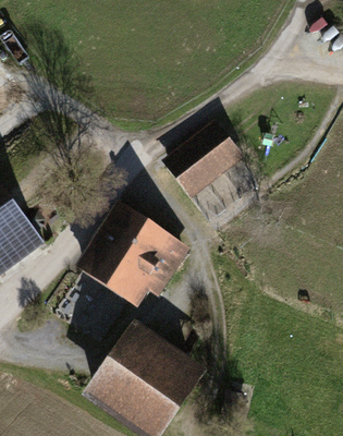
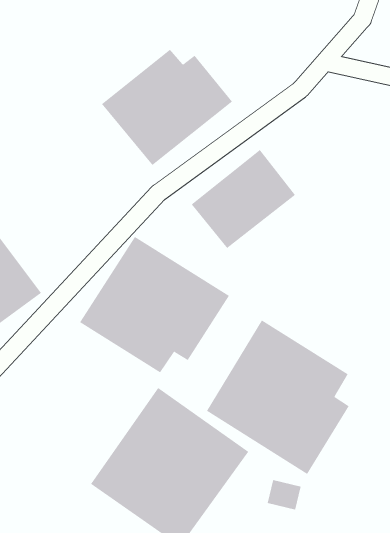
building: none -> [101,49,233,166]
building: none -> [206,320,350,475]

